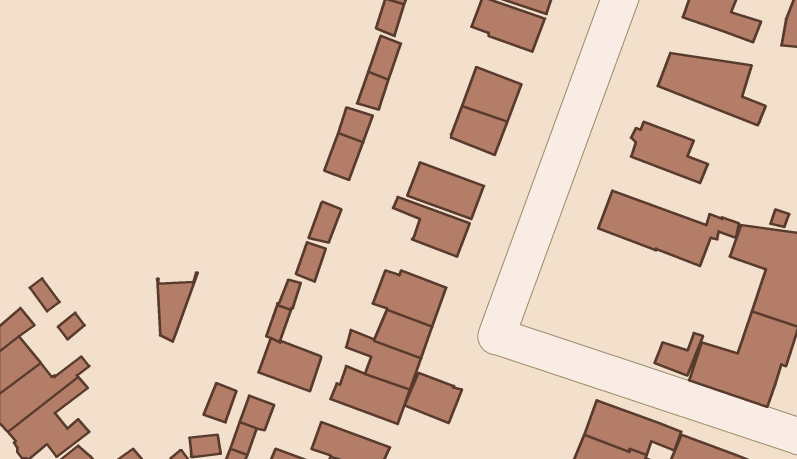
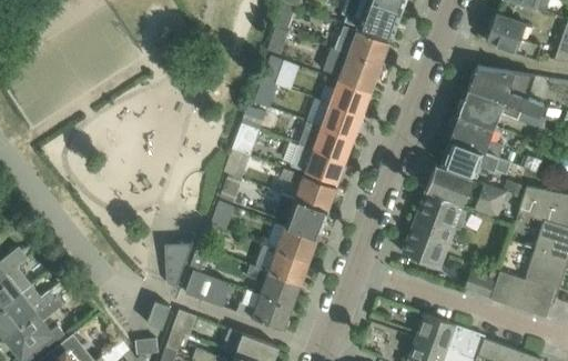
building: none -> [339,54,379,89]
building: none -> [457,90,545,129]
building: none -> [300,120,353,161]
building: none -> [439,140,509,174]
building: none -> [403,191,467,268]
building: none -> [274,193,326,233]
building: [157,273,198,342] -> [165,239,194,288]
building: [404,373,462,423] -> none

